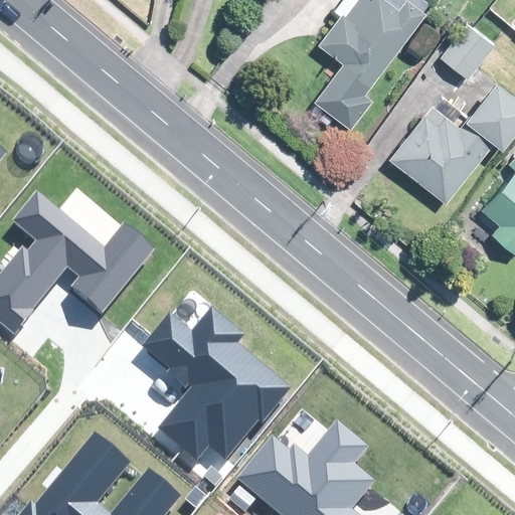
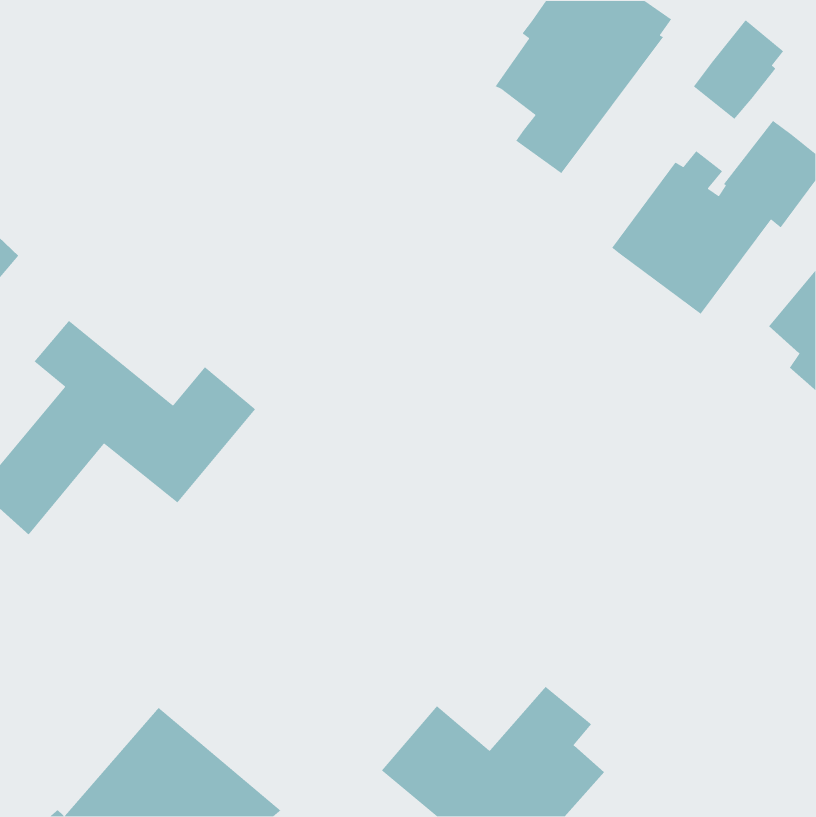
building: [149,319,292,464] -> none

